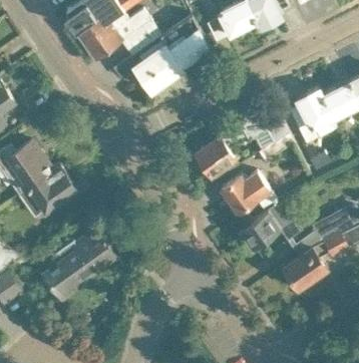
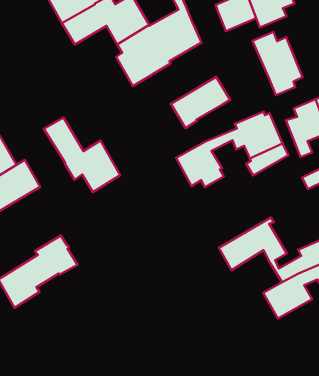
building: none -> [252,32,302,95]
building: none -> [171,77,230,128]
building: none -> [44,117,120,192]
building: [221,172,278,214] -> none

